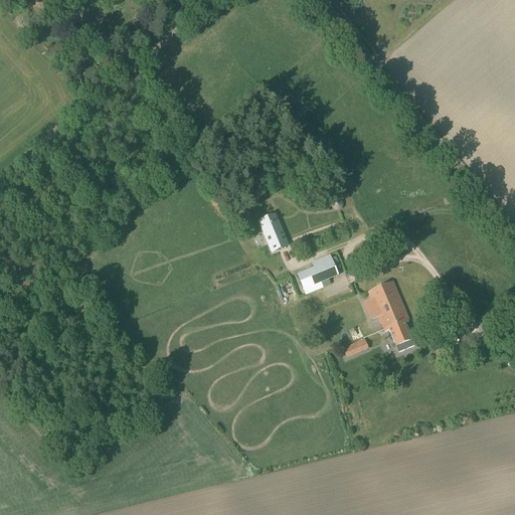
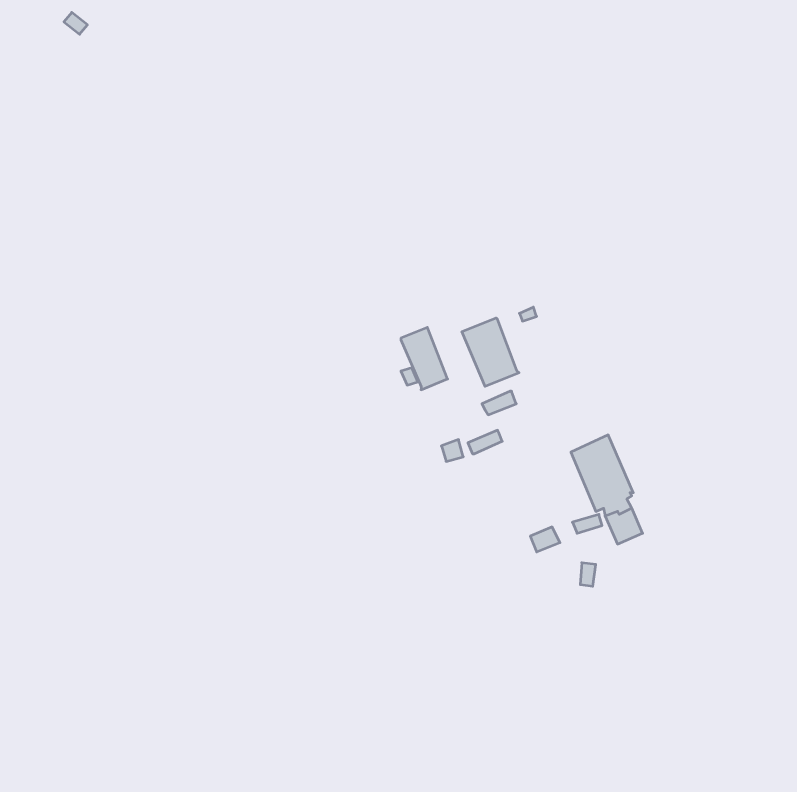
building: none -> [462,318,519,386]

